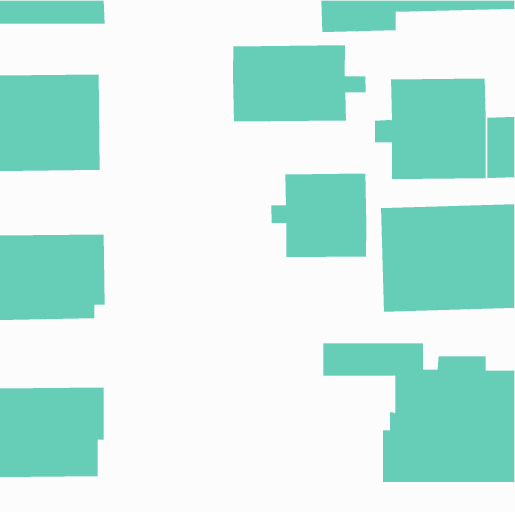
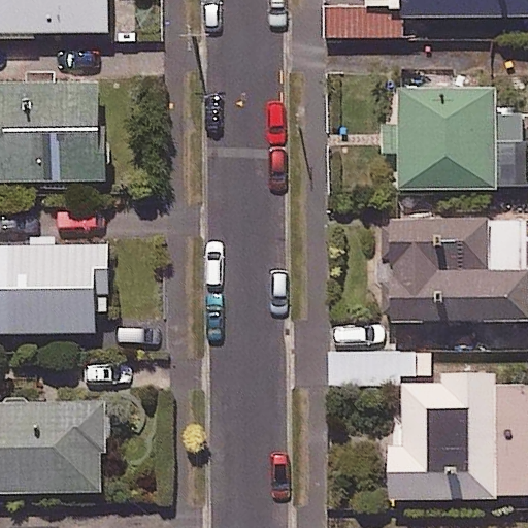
building: [232,45,366,122] -> none
building: [271,173,367,258] -> none

